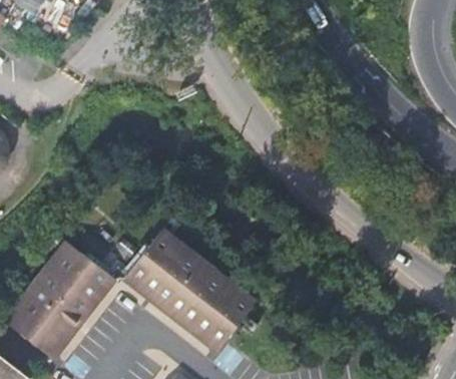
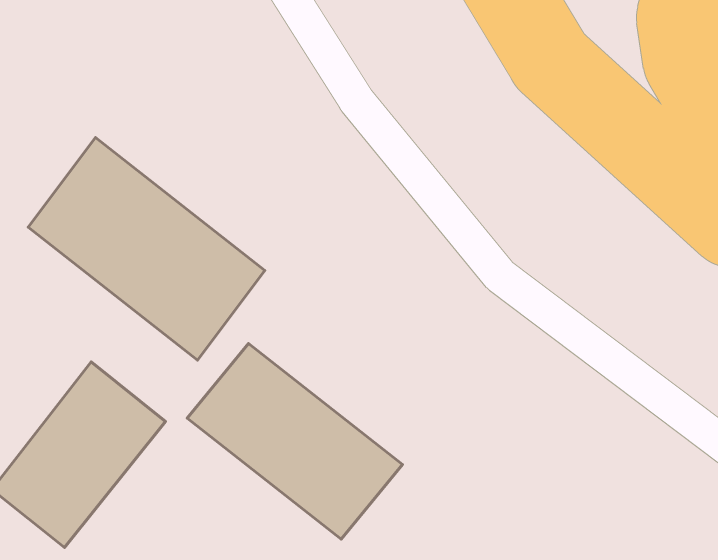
building: none -> [28,138,265,360]

